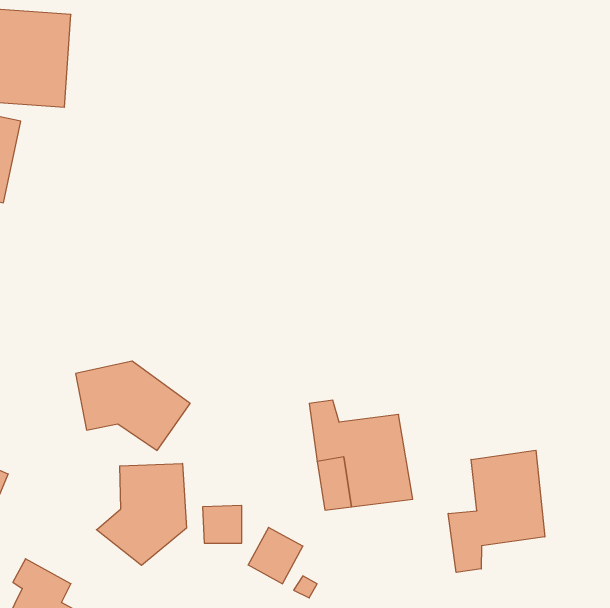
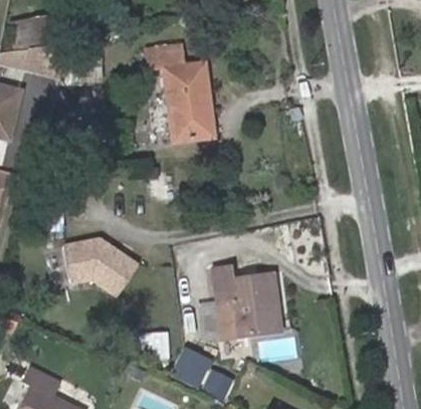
building: none -> [149,43,214,141]
building: [448,450,545,572] -> none
building: [96,463,186,565] -> none

